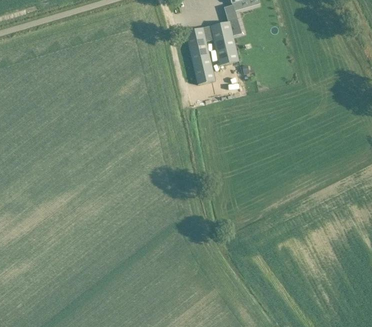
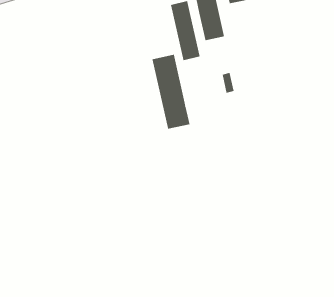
building: none -> [152,54,190,130]

